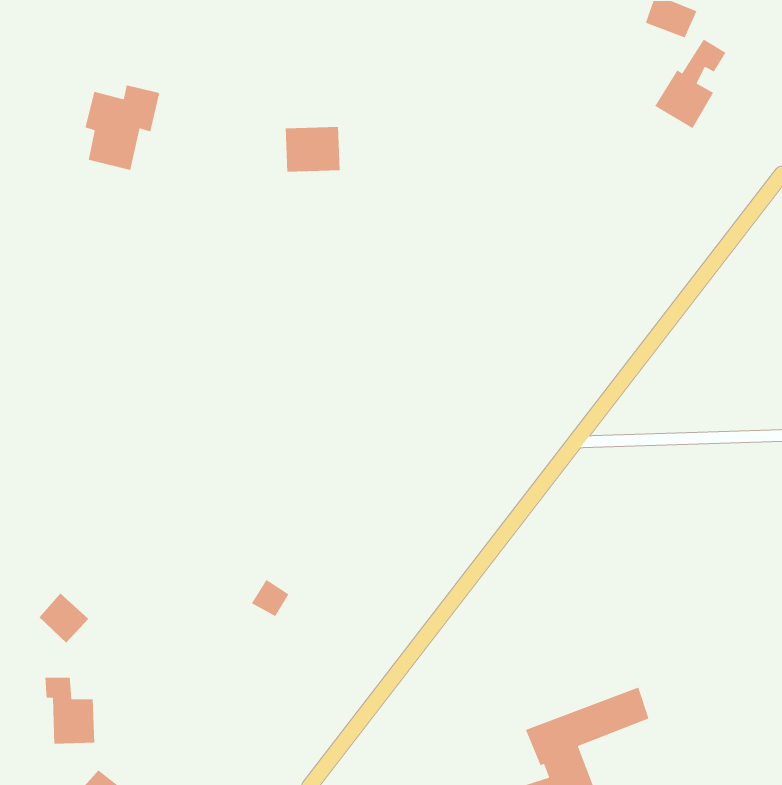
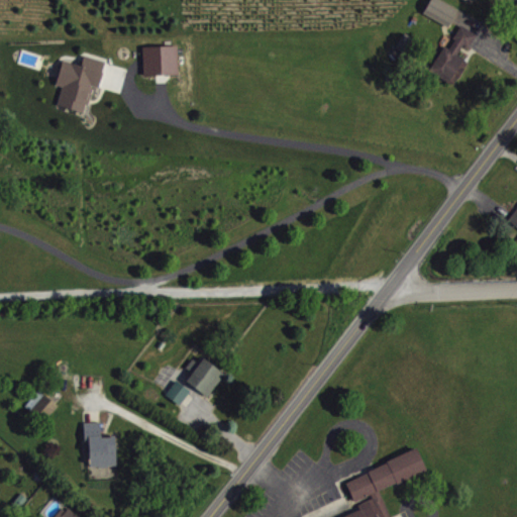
building: [285,126,340,172] -> [142,46,179,77]
building: none -> [185,359,224,398]
building: [44,677,95,745] -> [83,423,116,468]

